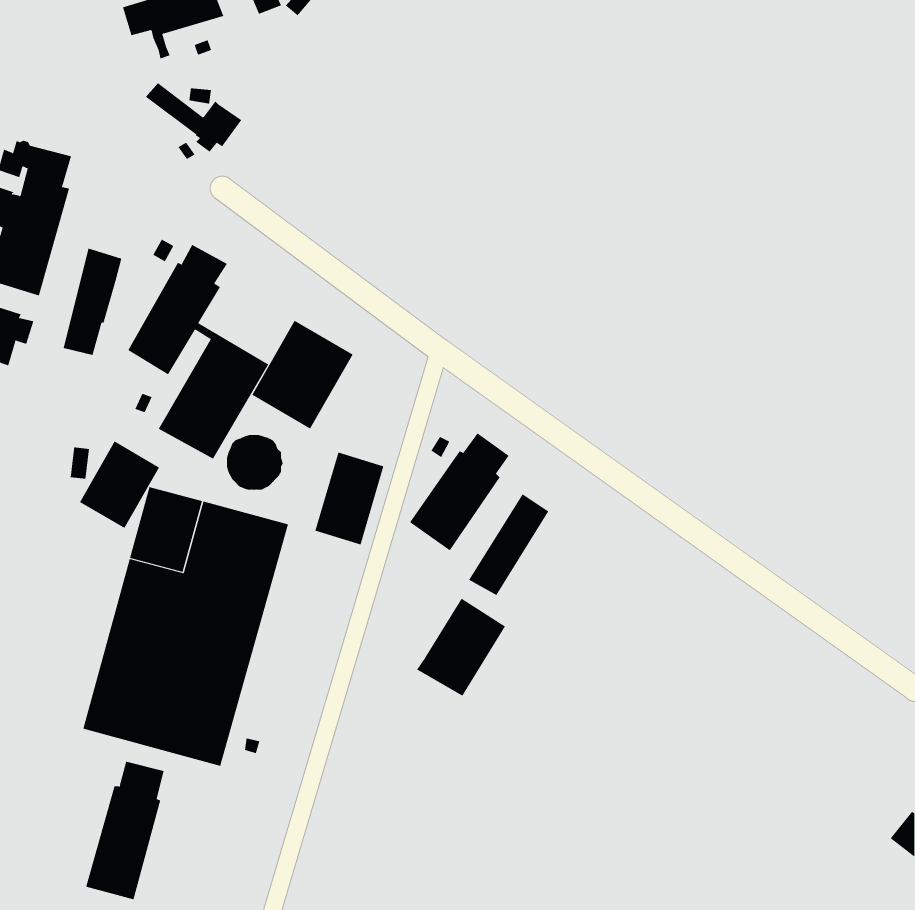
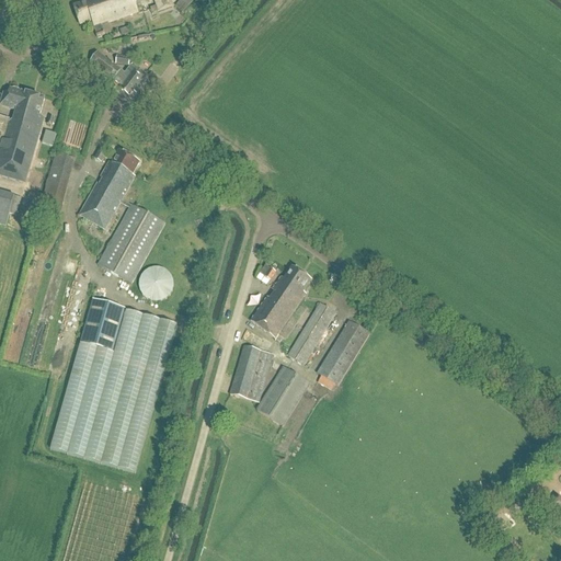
building: [251,320,353,429] -> none
building: [79,441,160,529] -> none
building: [314,452,384,545] -> [229,344,272,401]
building: none -> [317,320,369,389]
building: [86,761,164,900] -> none

